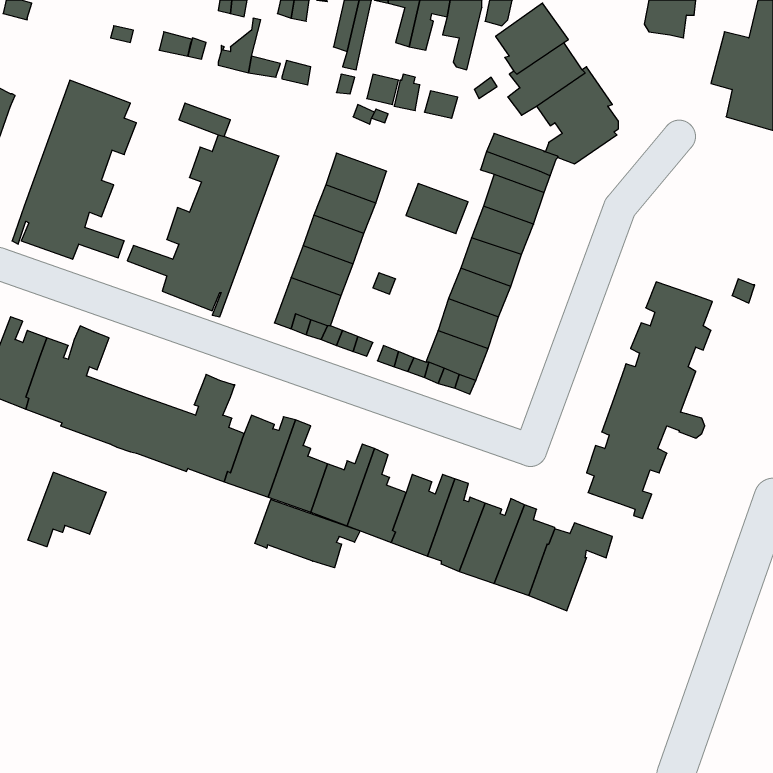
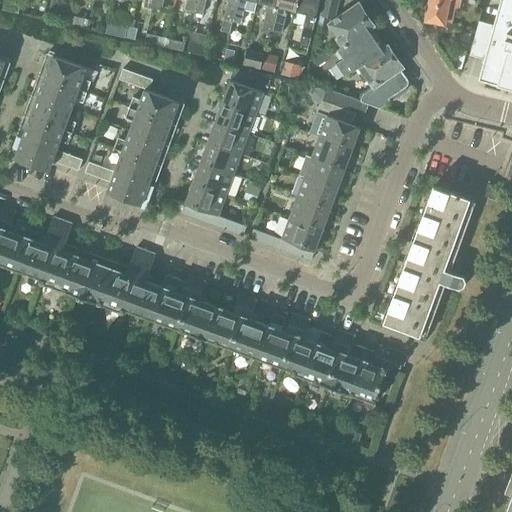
building: [406,184,468,234] -> [222,81,263,114]
building: [28,472,106,547] -> none
building: [255,499,360,568] -> none

